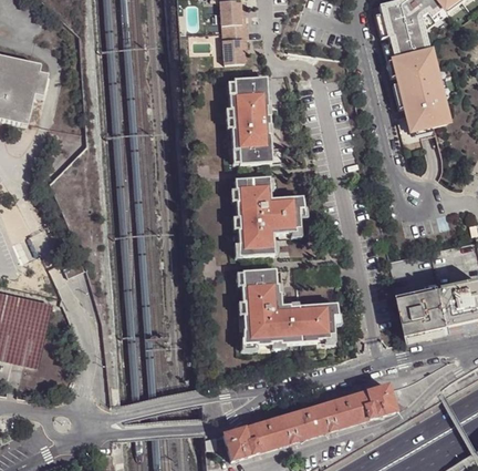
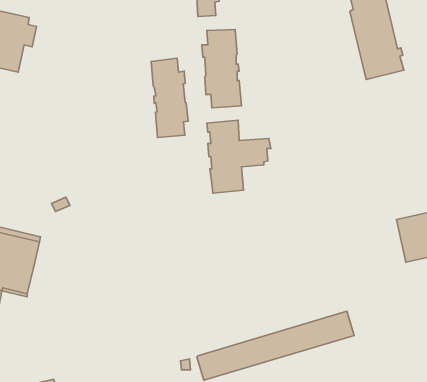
building: none -> [151,58,188,138]
building: [240,268,332,344] -> none
building: [398,285,450,340] -> none

